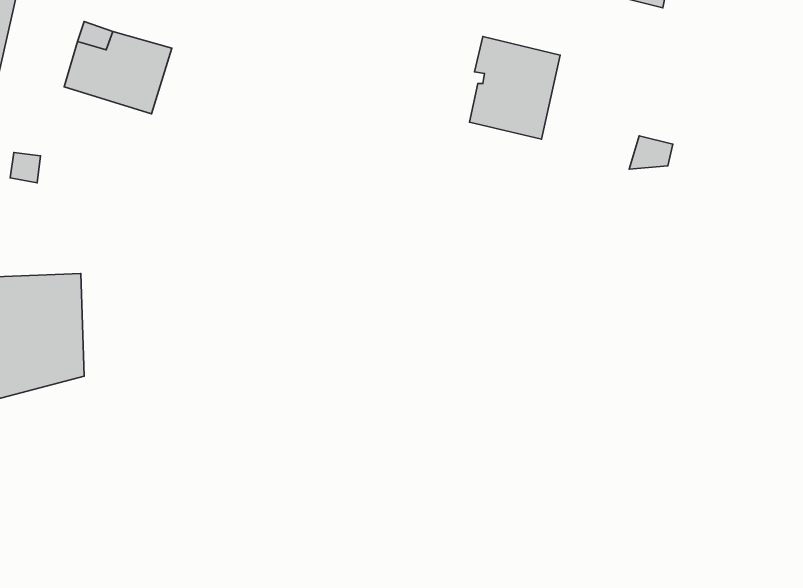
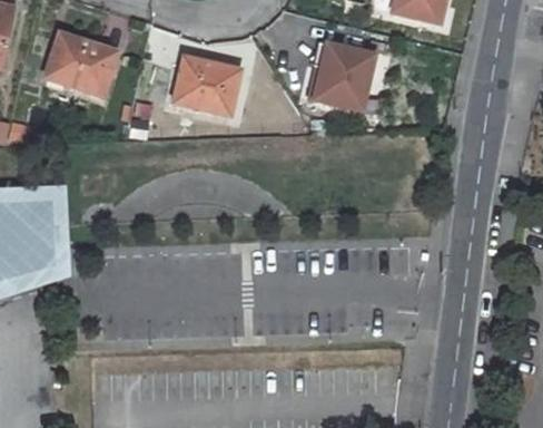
building: none -> [174,60,246,118]

